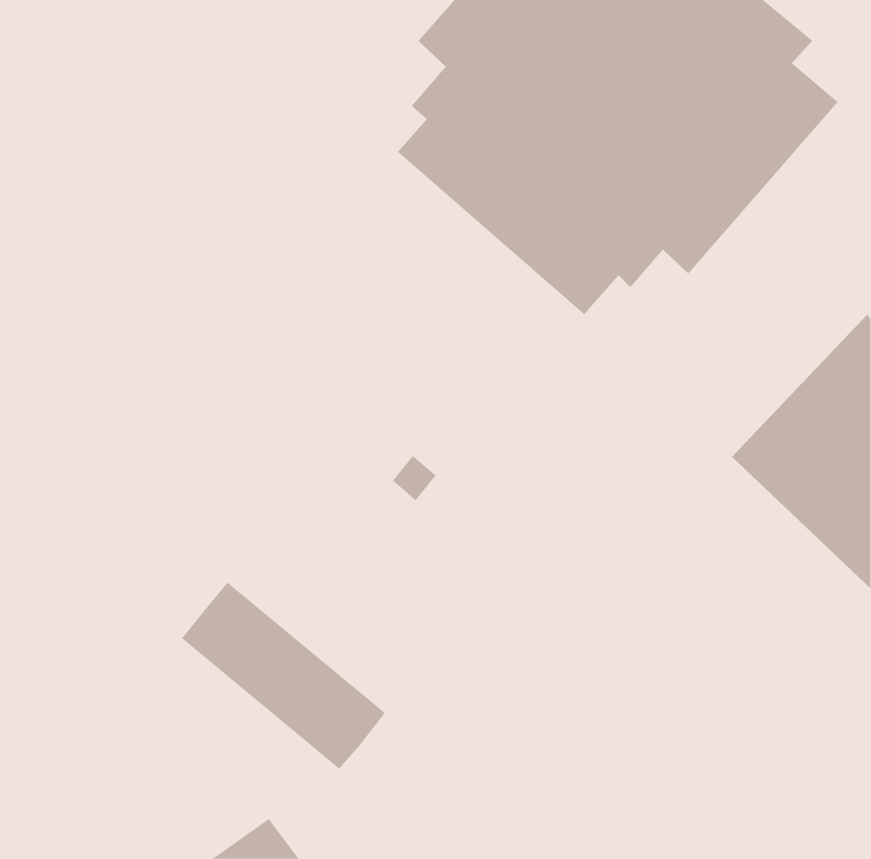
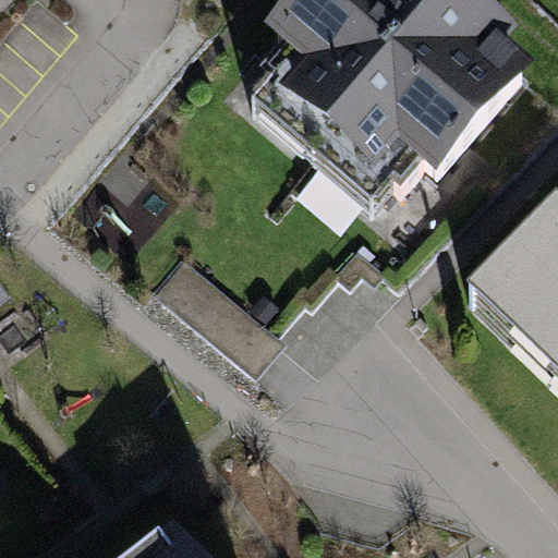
building: [181,582,386,769] -> [156,256,287,376]

